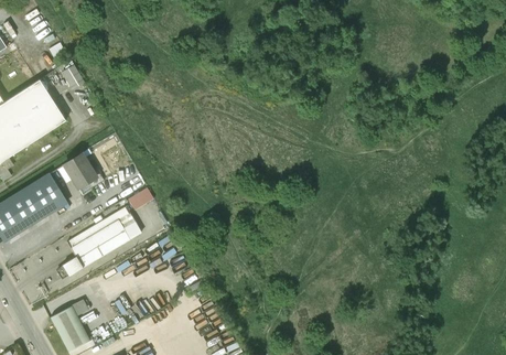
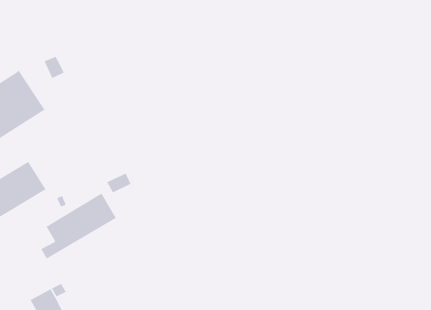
building: [62,153,97,190] -> none

